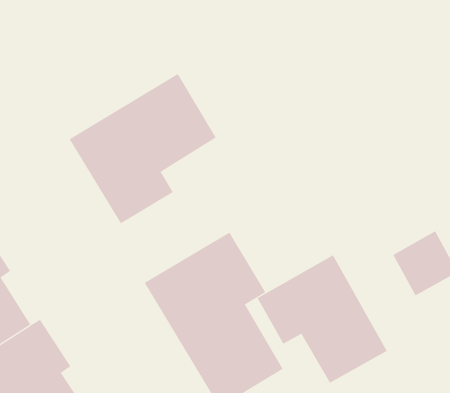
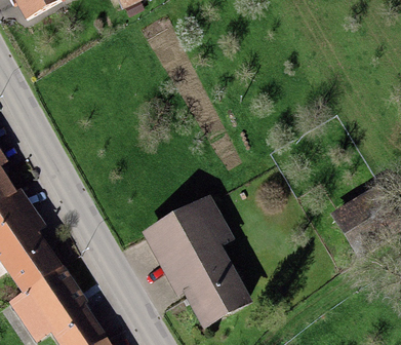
building: [69,73,216,224] -> none
building: [257,255,388,384] -> none

